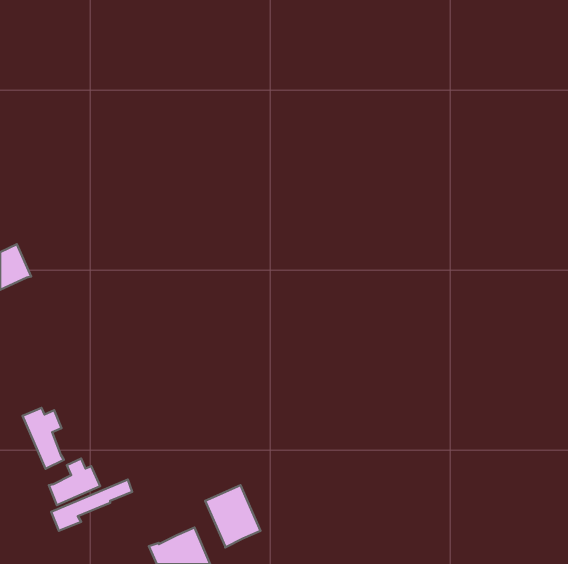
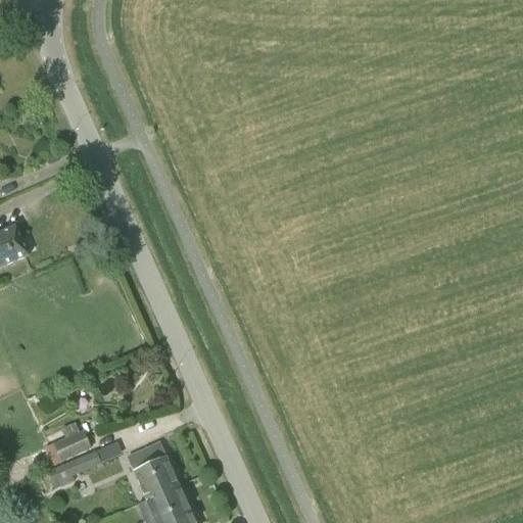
building: [22,408,64,469] -> none
building: [205,485,261,547] -> [128,443,179,501]

